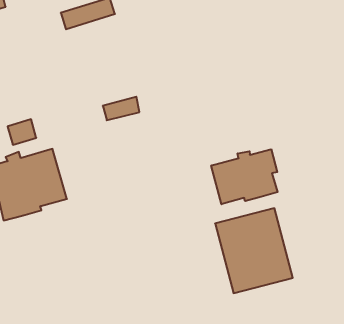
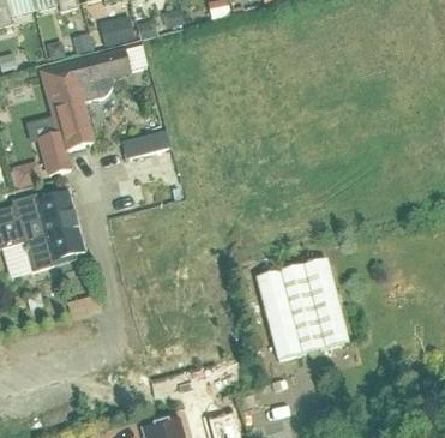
building: none -> [41,48,130,172]
building: [211,149,278,204] -> none

